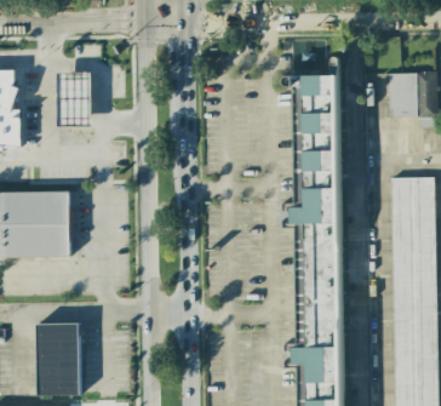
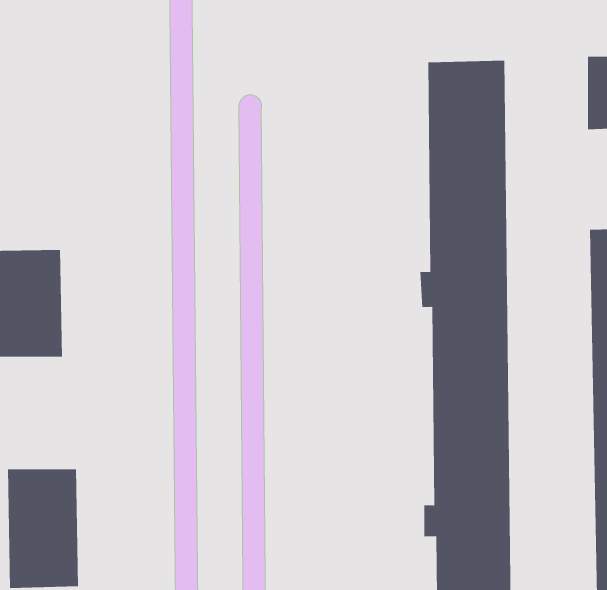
building: [58,72,93,125] -> none

